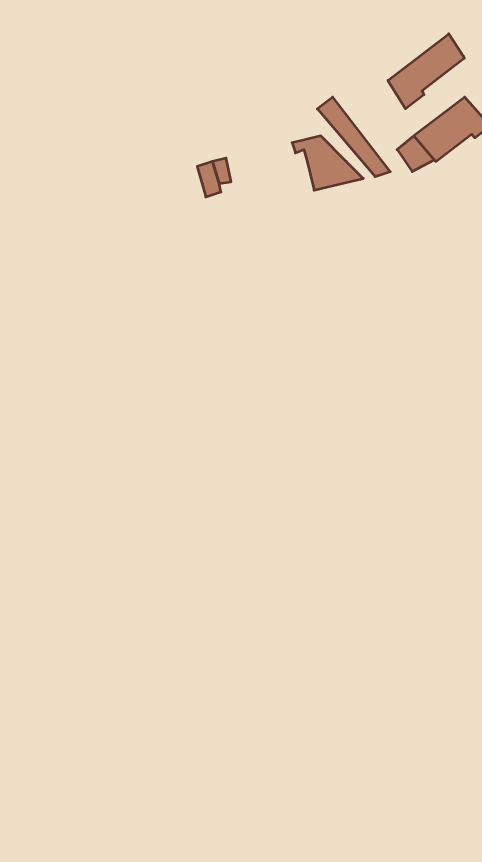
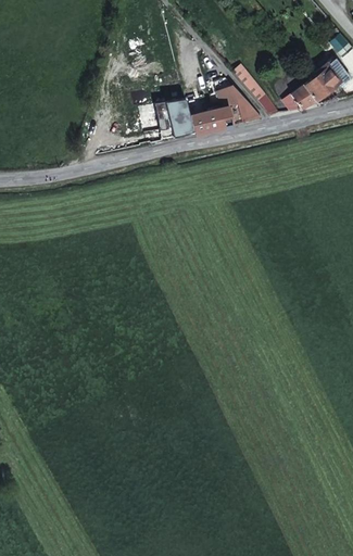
building: [388,34,464,109] -> none
building: none -> [188,105,230,134]

